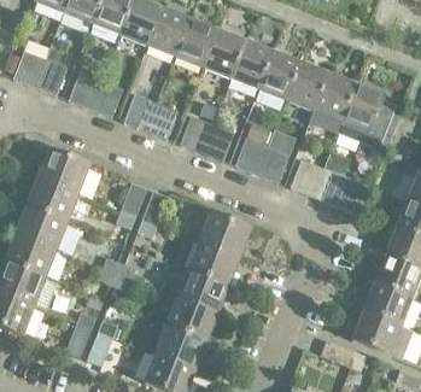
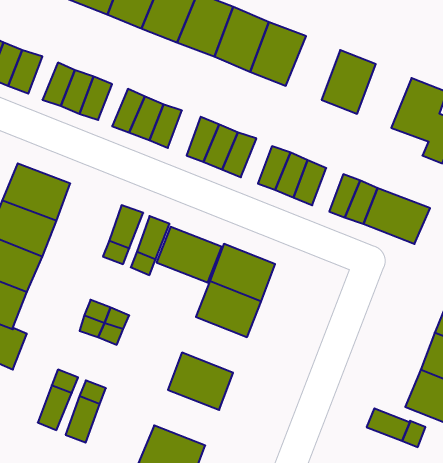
building: [258,51,300,100] -> none
building: [314,72,356,122] -> none
building: [177,269,228,312] -> [157,227,222,283]
building: [156,326,206,369] -> none

